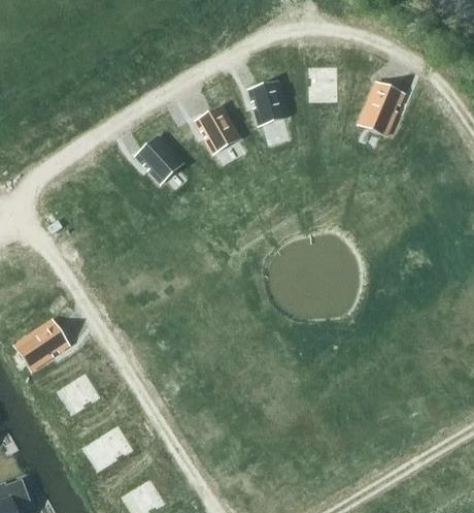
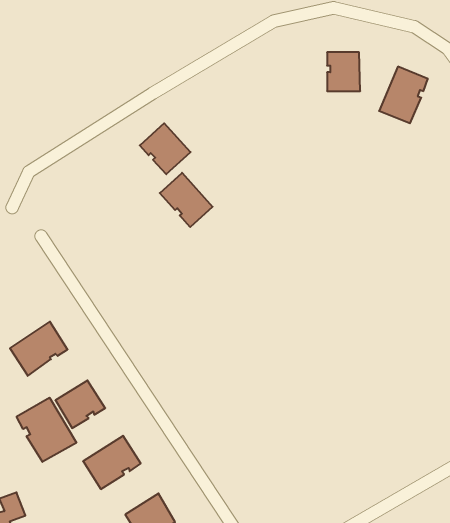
building: [250,85,290,127] -> none
building: [195,105,239,152] -> none
building: none -> [160,173,213,227]
building: none -> [17,398,76,462]

